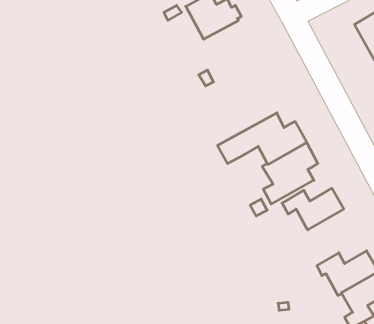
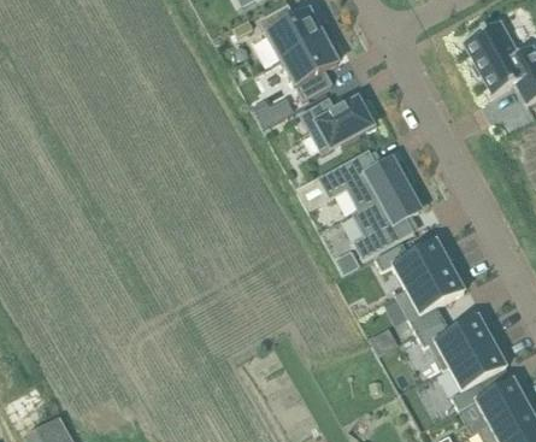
building: none -> [281,36,338,101]
building: none -> [300,96,377,153]
building: none -> [396,265,465,334]

